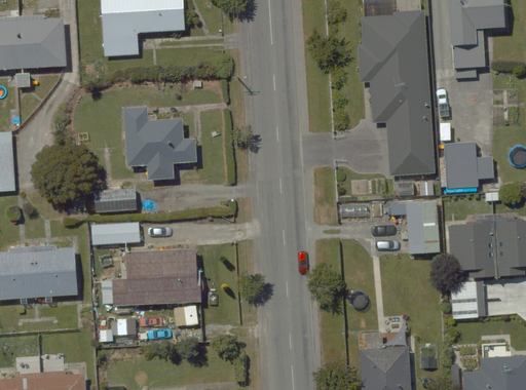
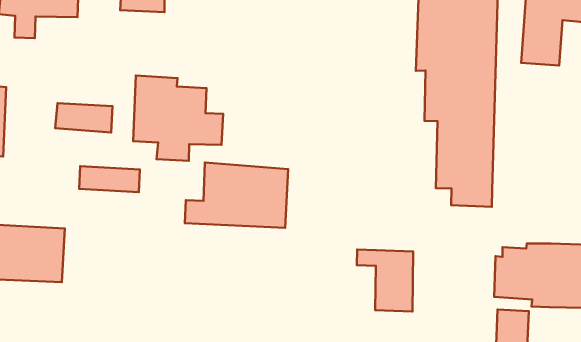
building: [444,144,492,188] -> none
building: [389,200,442,254] -> [357,250,413,311]
building: [93,221,142,244] -> [55,103,112,132]
building: [113,252,200,307] -> [185,163,288,228]

